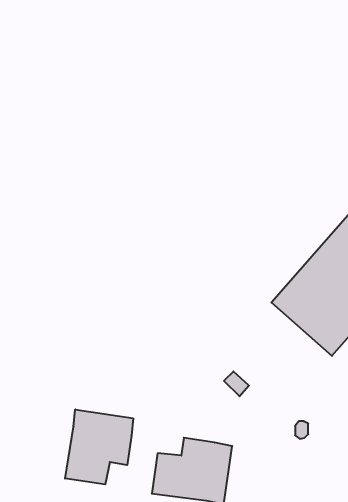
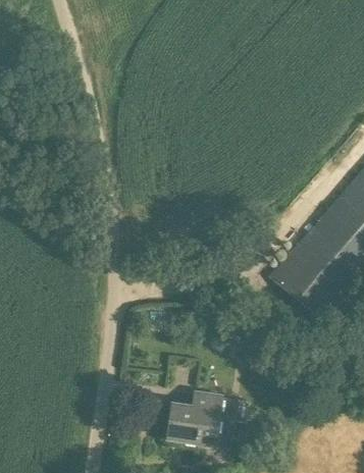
building: [65,409,133,484] -> none

